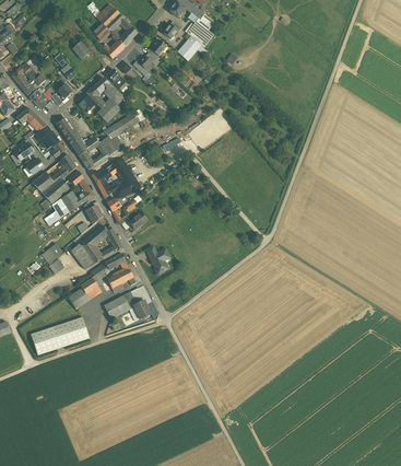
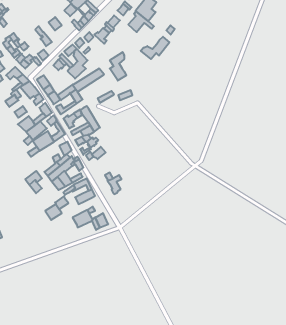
building: none -> [141,37,169,59]
building: none -> [110,52,126,81]
building: [31,317,90,354] -> none

